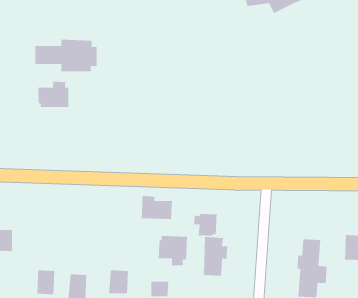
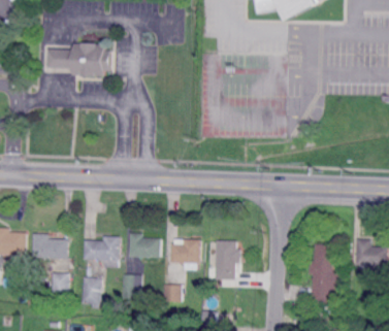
building: [38,81,69,108] -> none
building: [141,195,173,220] -> [129,232,161,257]
building: [193,213,218,236] -> none
building: none -> [33,233,69,258]
building: none -> [84,236,120,268]

